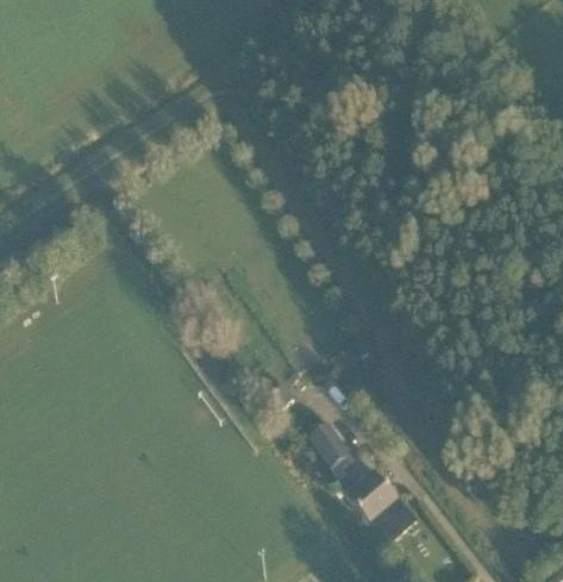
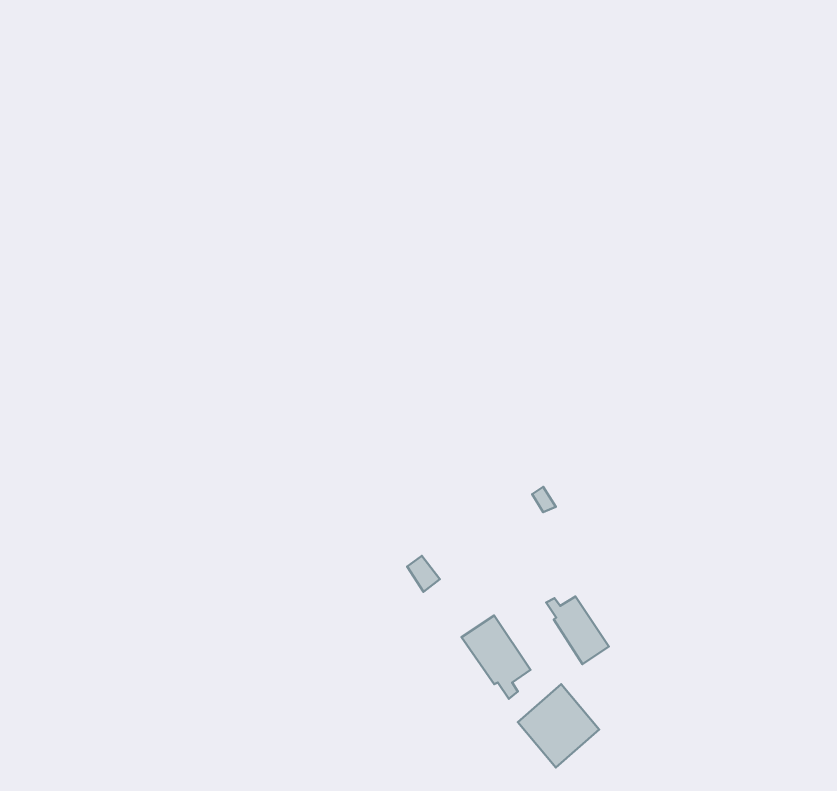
building: none -> [546,596,609,664]

